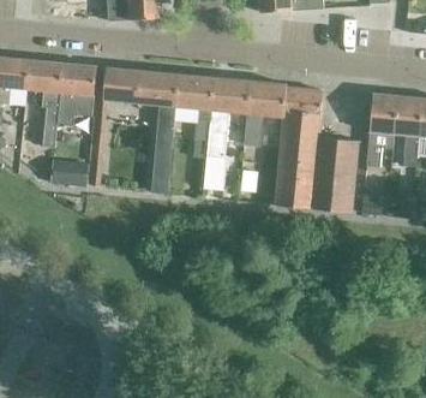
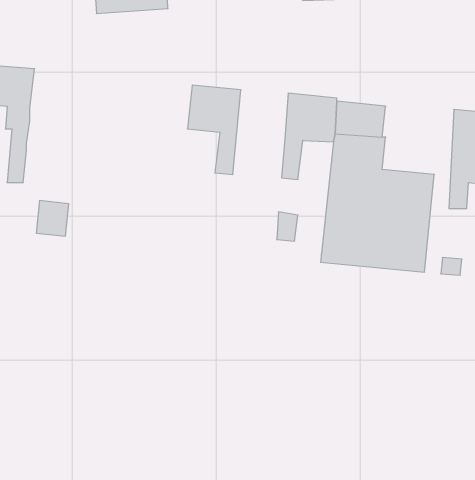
building: [55,63,96,124] -> none
building: [101,70,178,194] -> none
building: [203,78,248,190] -> none

